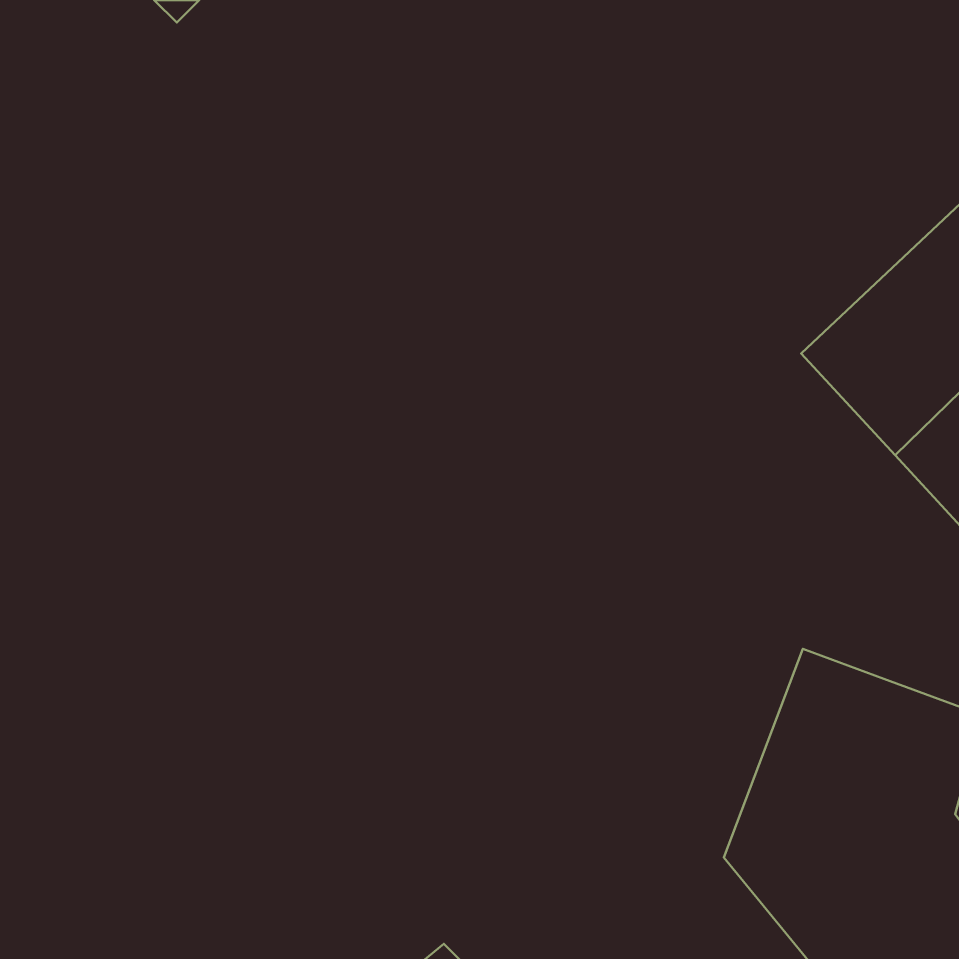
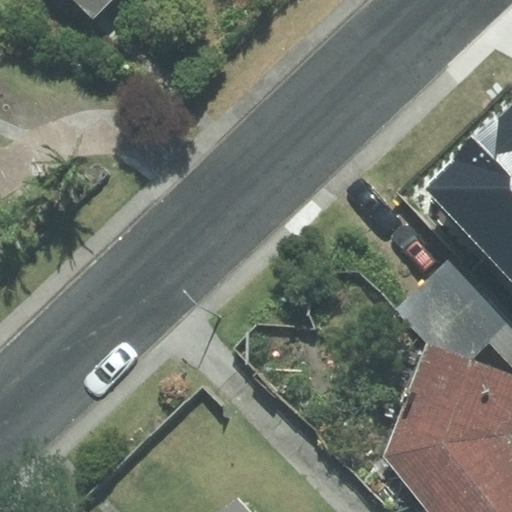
building: none -> [397,261,506,362]

